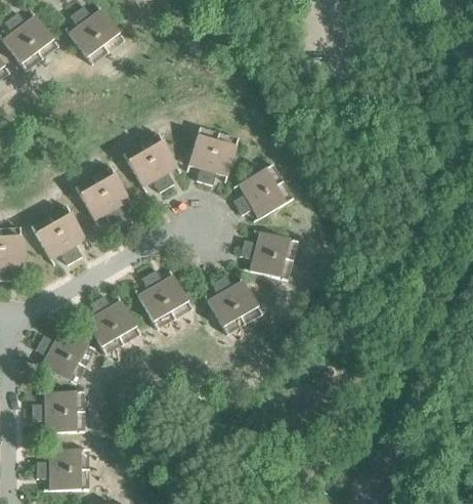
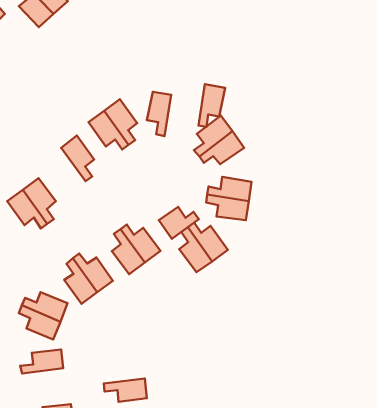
building: [205,140,236,184] -> [198,84,225,127]
building: [80,183,119,224] -> none
building: none -> [159,207,199,239]
building: [33,411,76,432] -> [104,378,147,402]

